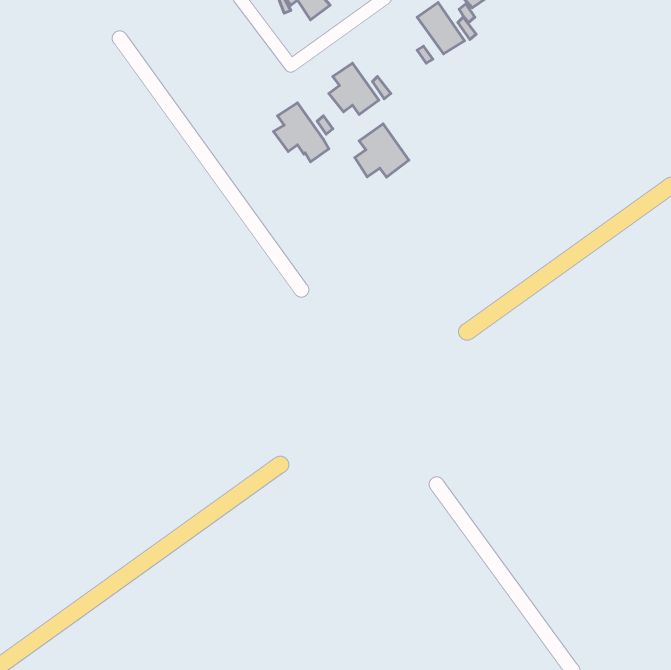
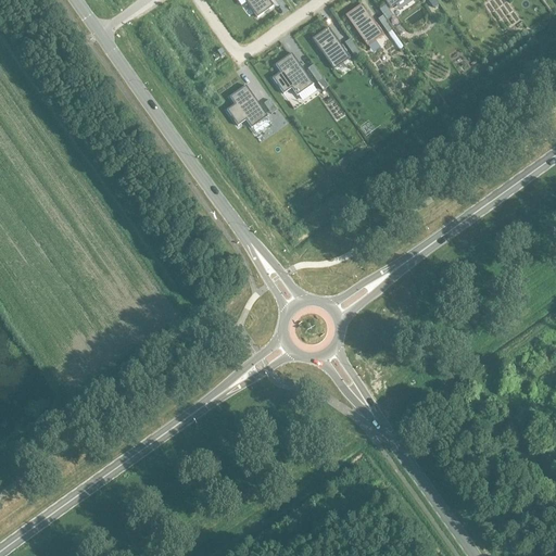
building: none -> [312,26,350,68]
building: [355,124,409,177] -> none

